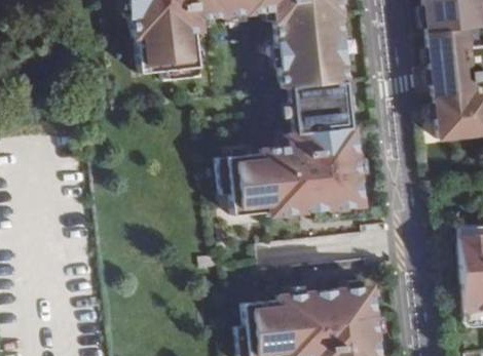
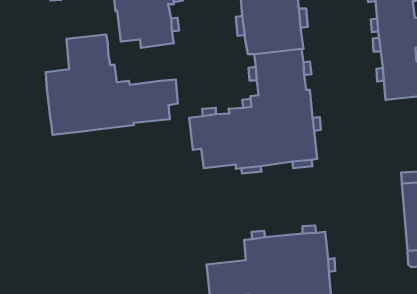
building: none -> [46,35,178,135]

